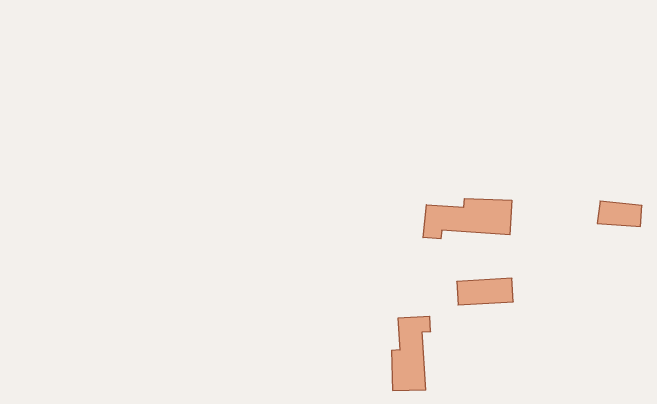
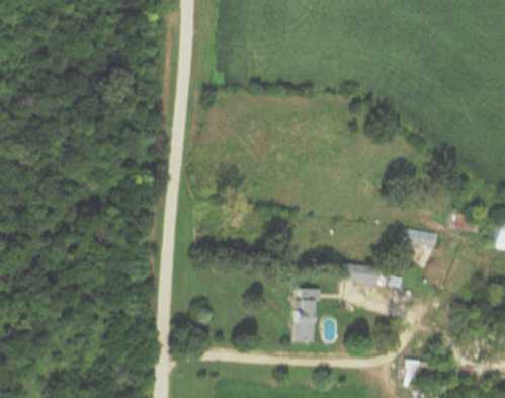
building: [423,199,512,239] -> none
building: none -> [407,230,436,255]

